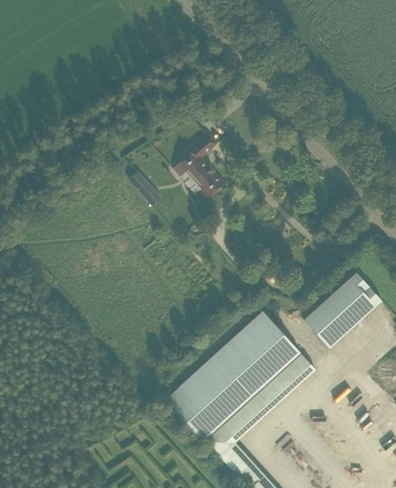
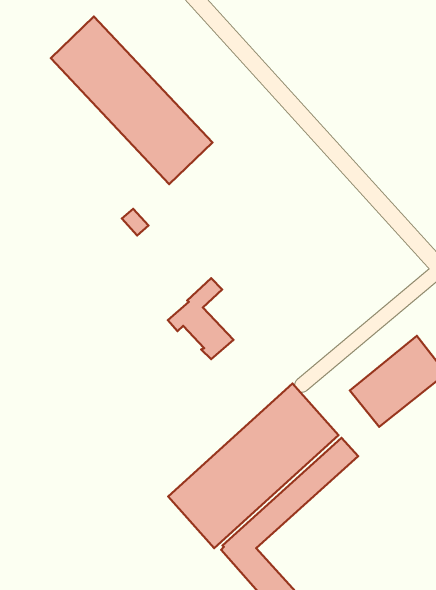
building: none -> [51,17,212,184]
building: [172,133,225,198] -> [168,278,233,359]

